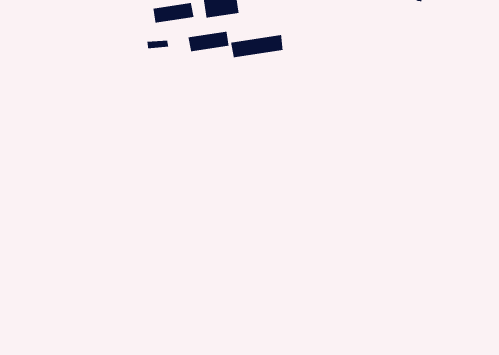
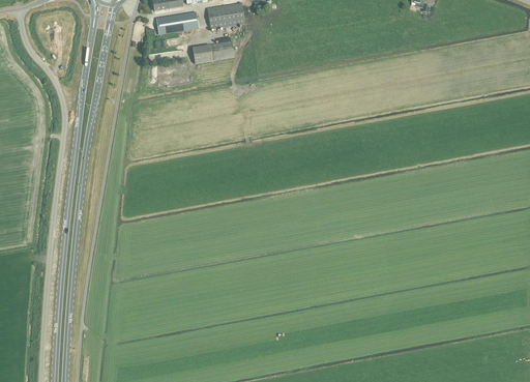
building: [230,34,283,58] -> none

